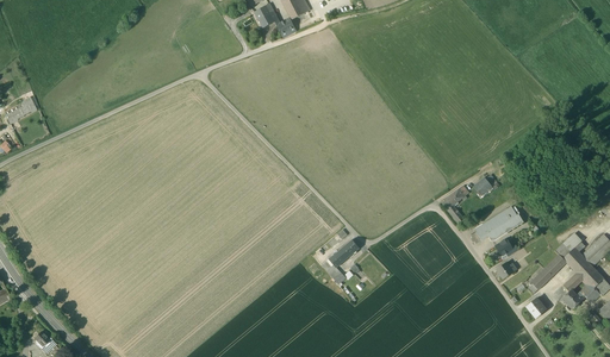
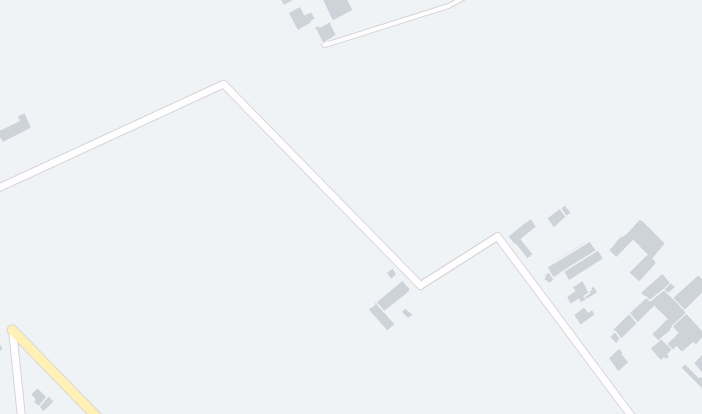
building: none -> [609,219,666,282]

